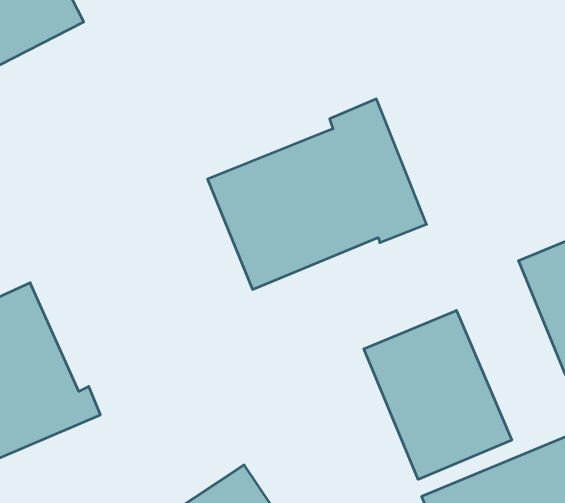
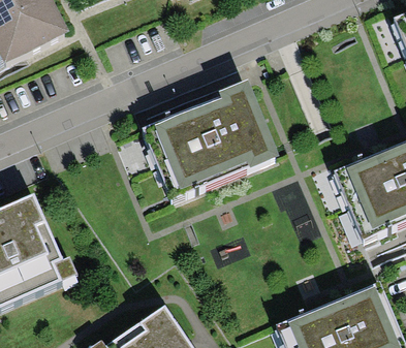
building: [364,310,512,479] -> none

